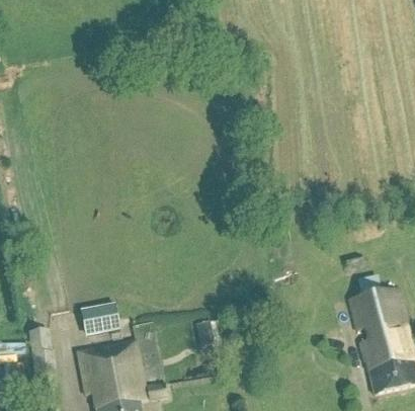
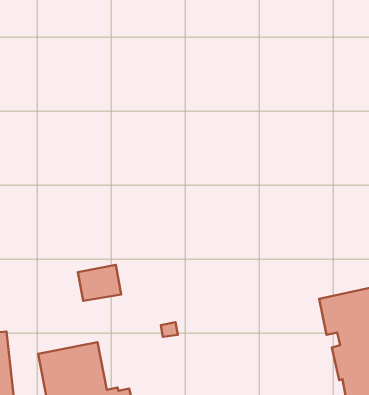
building: [73,301,114,335] -> [78,265,121,301]

